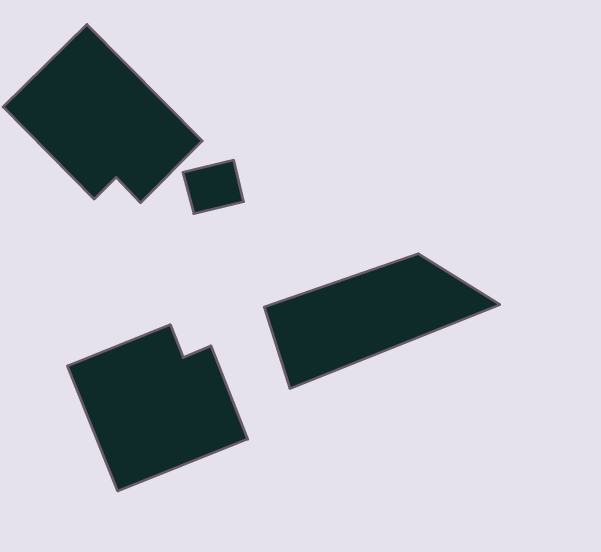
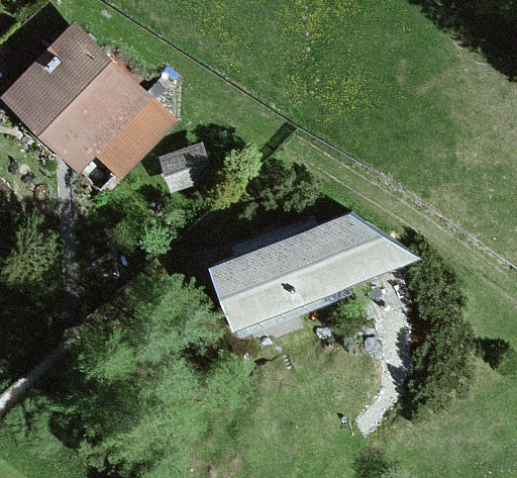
building: [68,325,248,491] -> none

